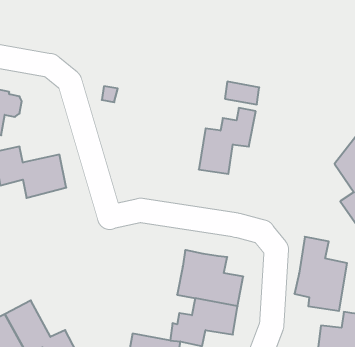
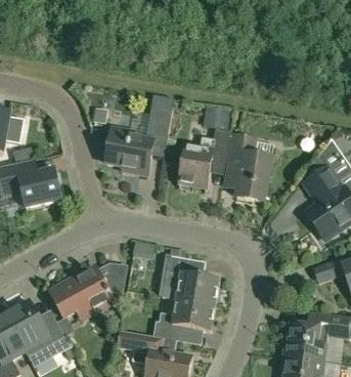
building: none -> [105,94,173,173]
building: [294,237,347,311] -> [224,134,271,201]
building: none -> [48,264,126,318]

